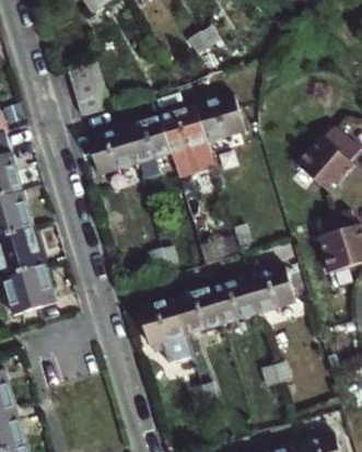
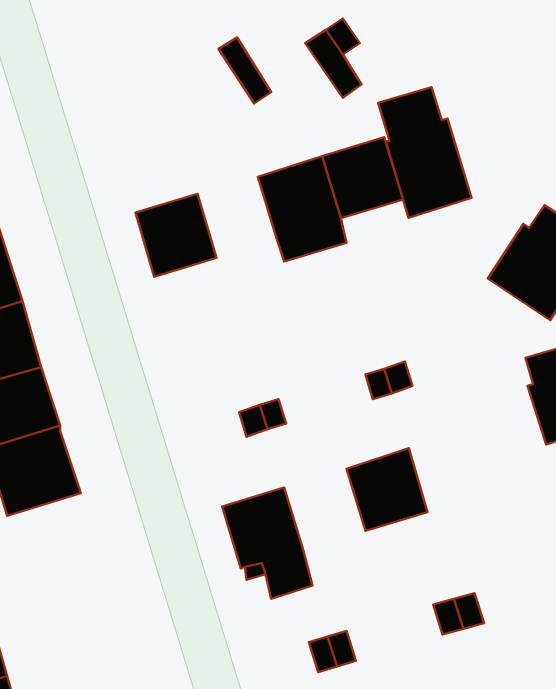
building: [66,58,112,115] -> none
building: none -> [378,87,472,218]
building: [125,117,171,164] -> none
building: [247,264,294,312] -> none
building: [175,287,222,334] -> none

